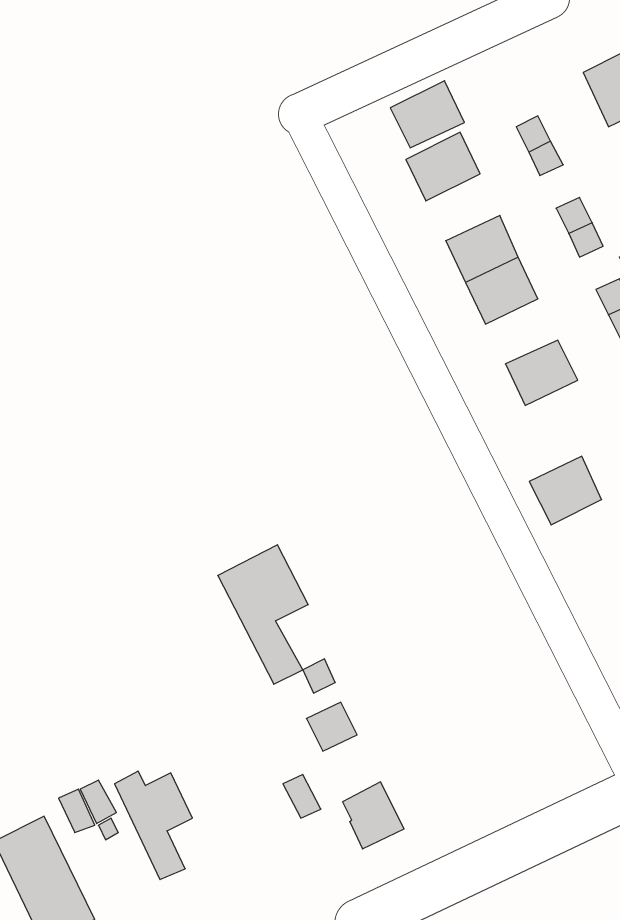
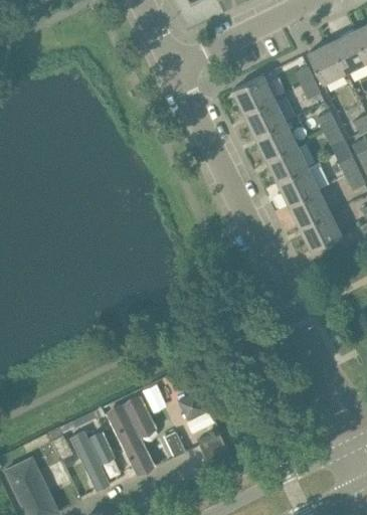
building: none -> [308,42,346,83]
building: [390,81,464,148] -> [244,99,286,136]
building: none -> [278,168,318,204]
building: [529,456,602,525] -> [300,213,340,251]
building: [218,545,308,684] -> [107,396,157,474]

